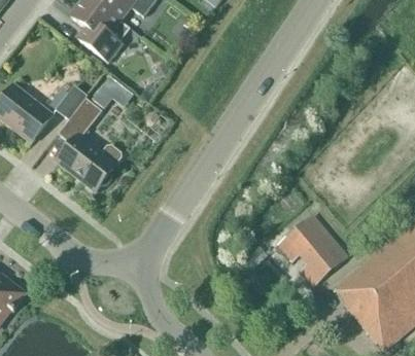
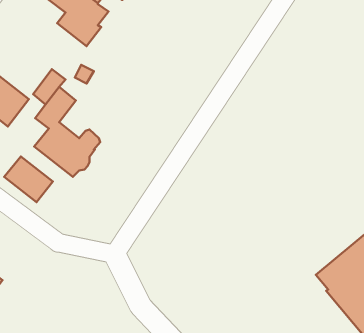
building: none -> [4,156,53,202]
building: [278,214,347,285] -> none

